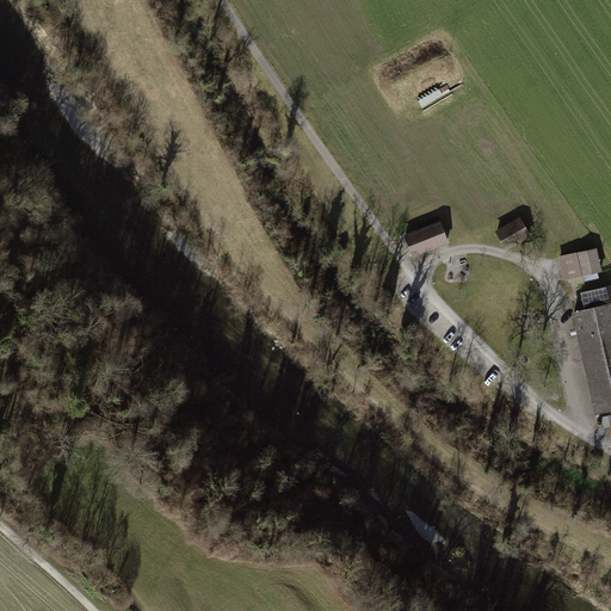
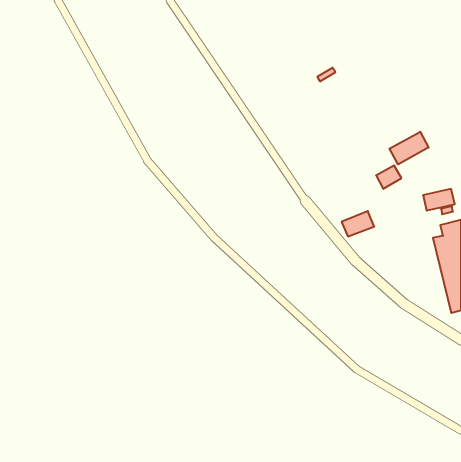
building: none -> [389,132,429,164]
building: [405,222,448,255] -> [342,211,374,236]

